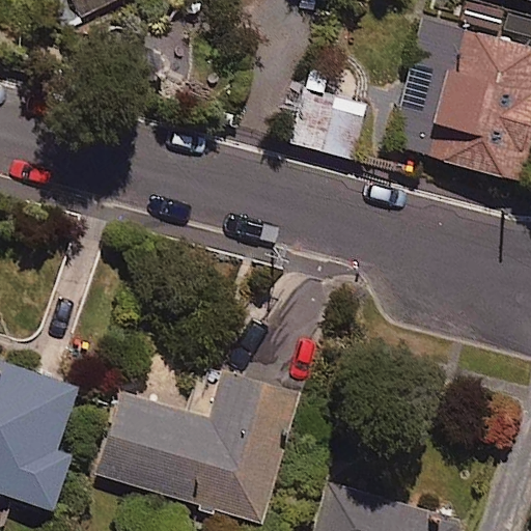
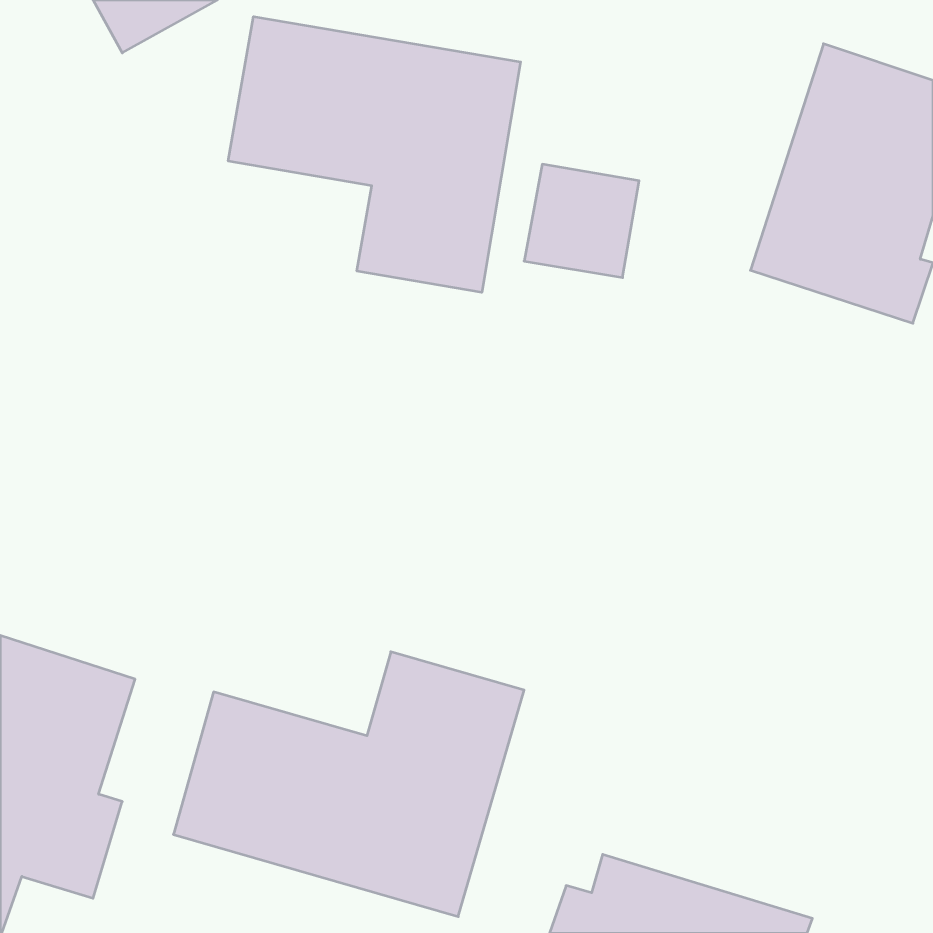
building: none -> [228,17,521,292]

